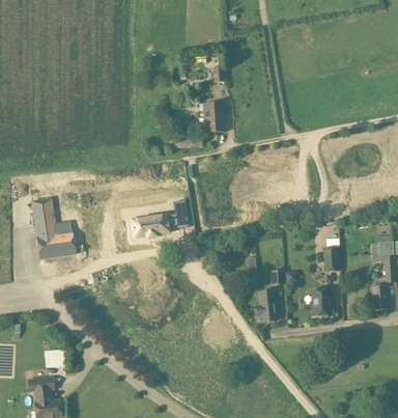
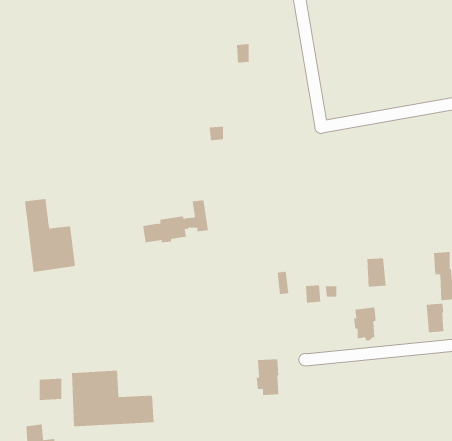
building: [202,102,224,133] -> none
building: [255,290,275,322] -> [256,359,279,396]
building: none -> [72,370,154,427]

